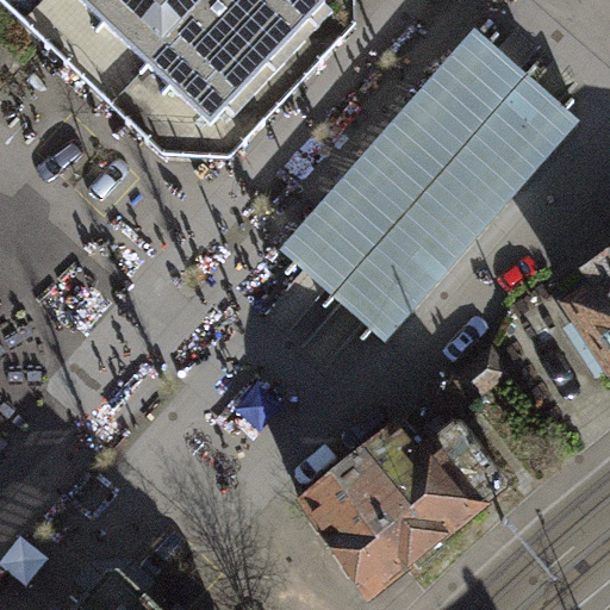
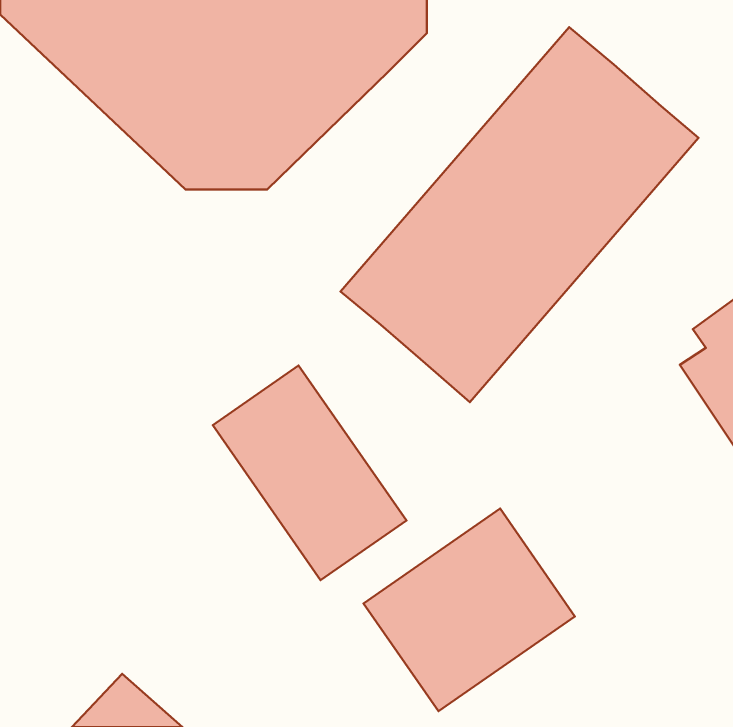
building: none -> [213,365,406,580]

